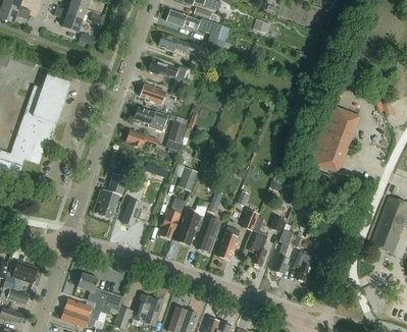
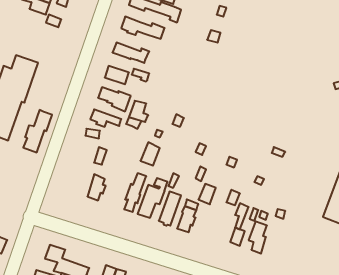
building: [311,104,360,171] -> none
building: [97,173,128,218] -> [23,110,52,152]
building: [248,232,267,266] -> none

